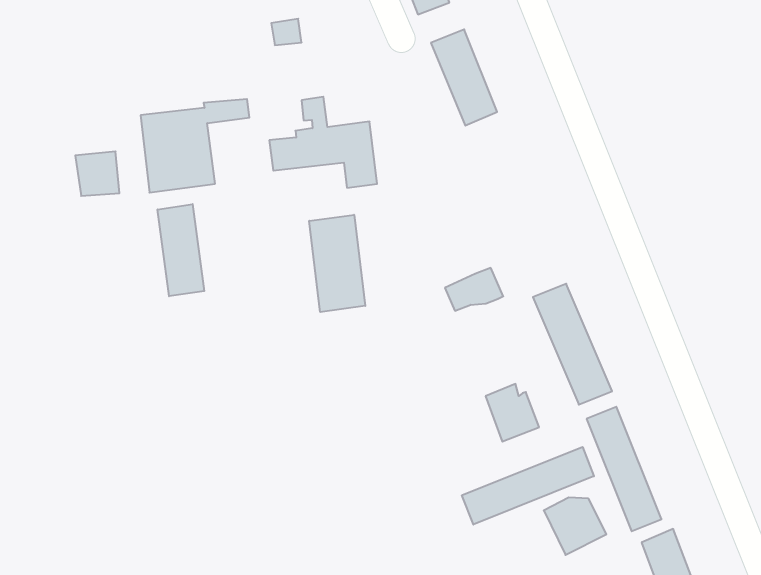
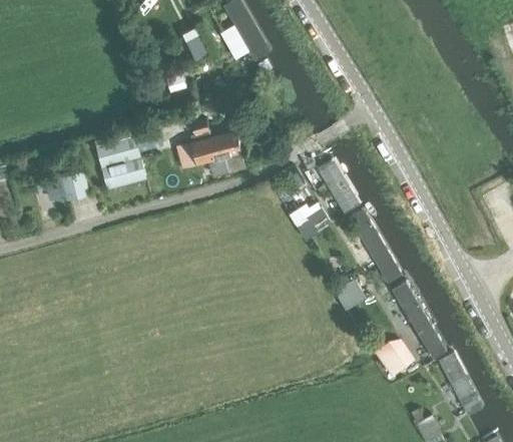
building: [431,29,497,126] -> [318,157,364,215]
building: [158,204,204,296] -> none
building: [309,215,365,312] -> none
building: [462,447,594,525] -> none

